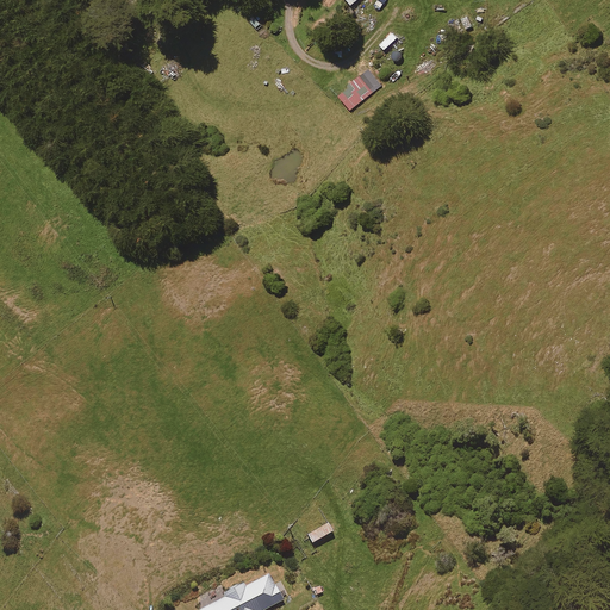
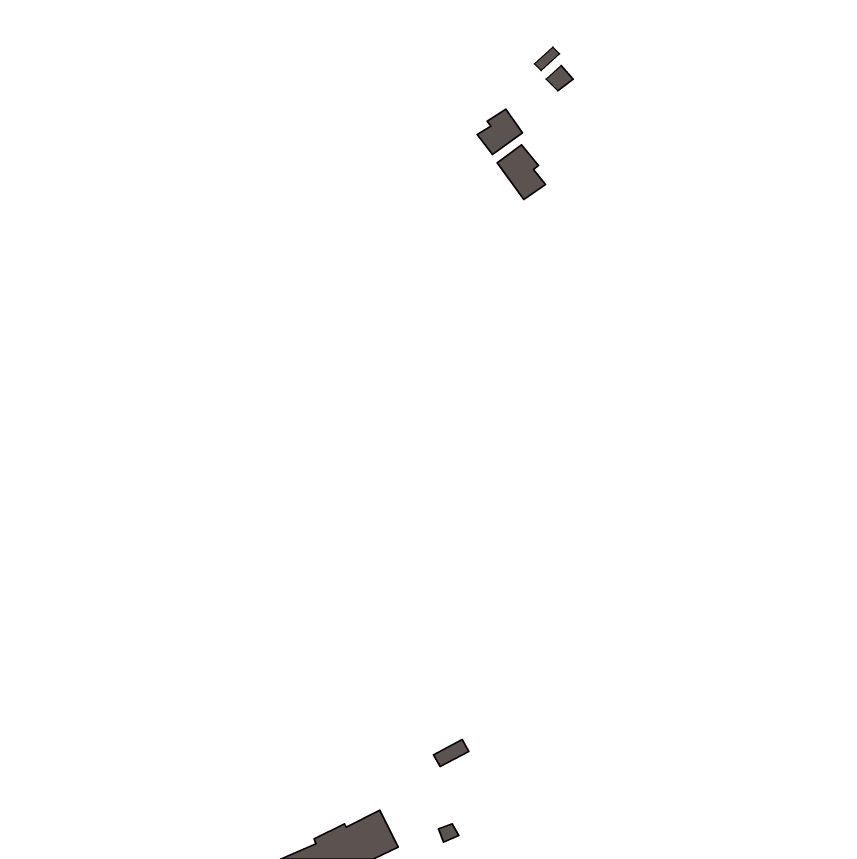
building: none -> [497,145,546,200]

